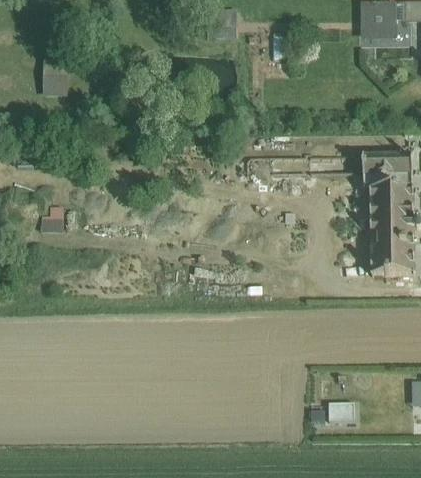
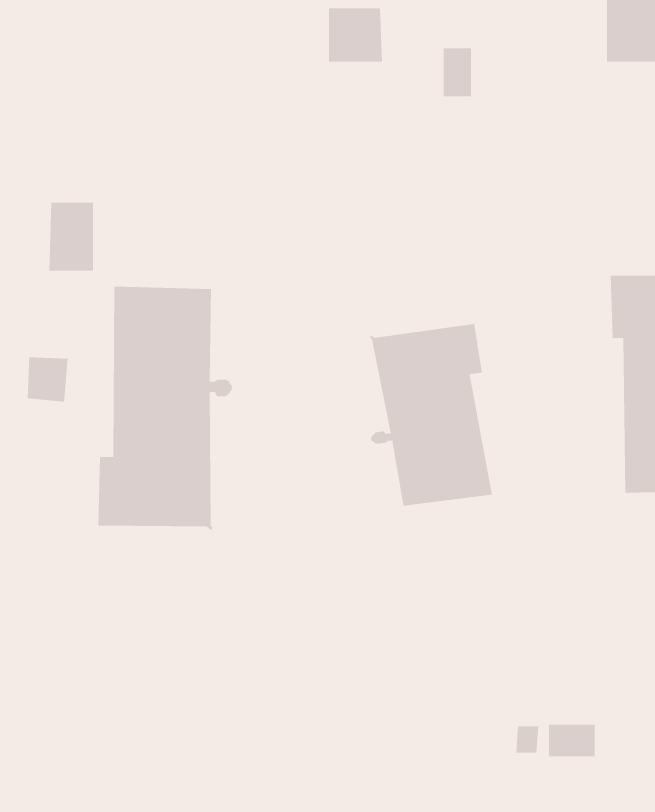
building: [42,59,67,97] -> [49,202,94,271]
building: none -> [98,286,232,531]
building: none -> [369,323,493,506]

